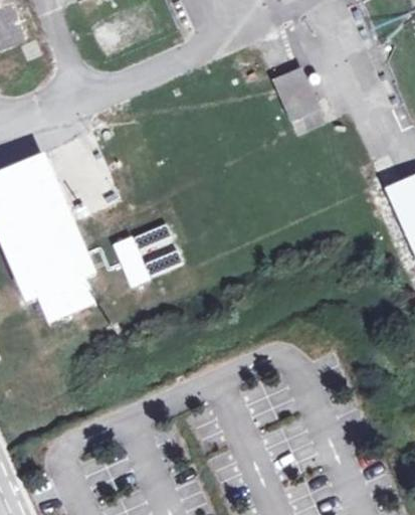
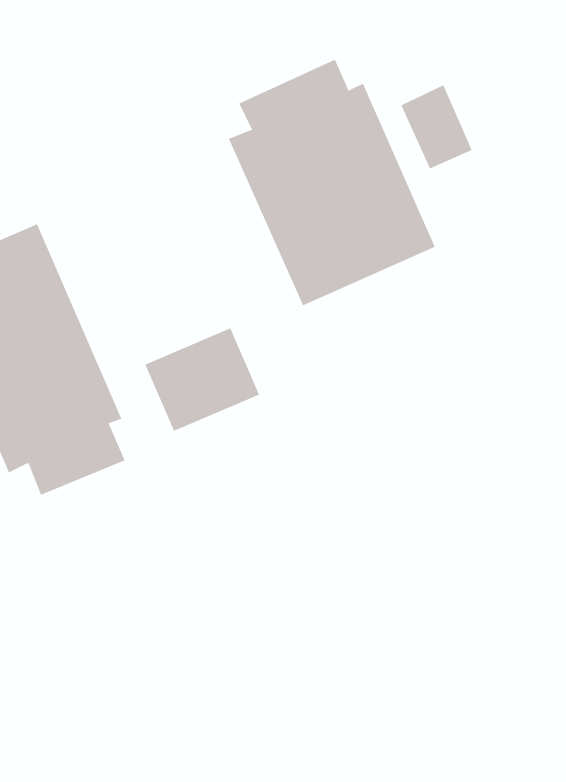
building: none -> [228,59,435,306]

